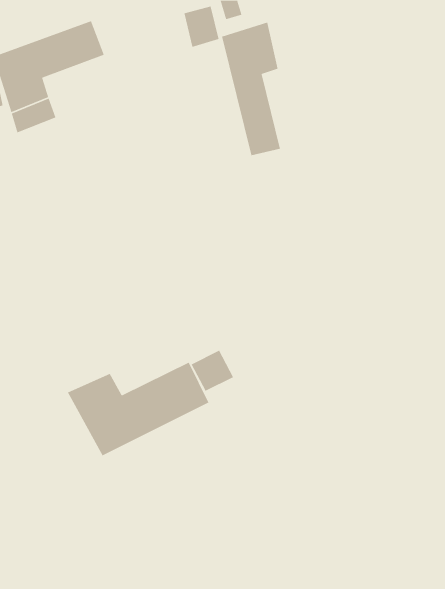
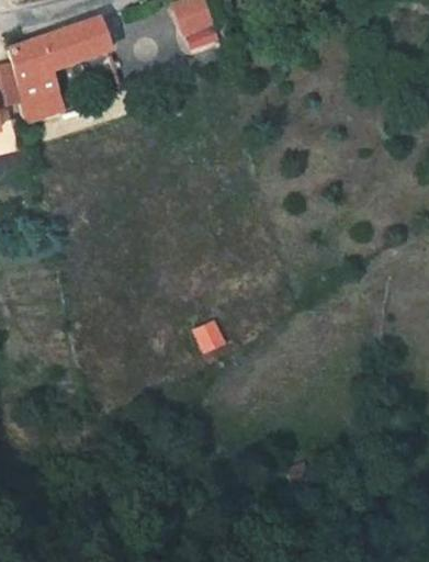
building: [221,22,281,156] -> none
building: [67,362,210,457] -> none

